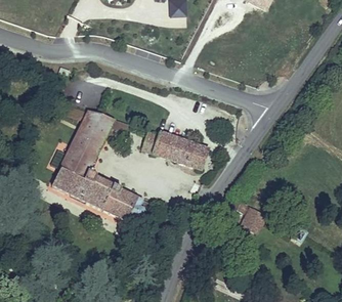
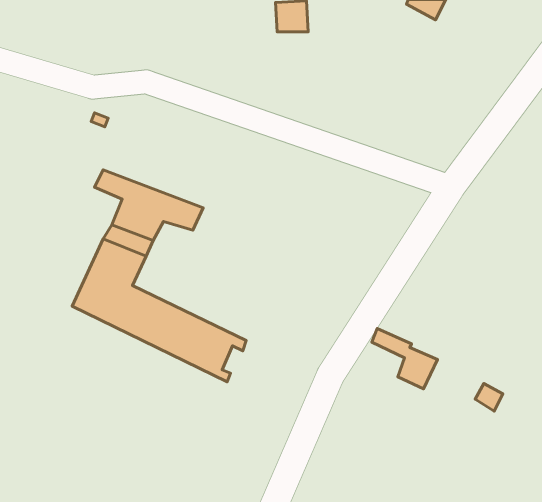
building: [138,132,207,168] -> none

